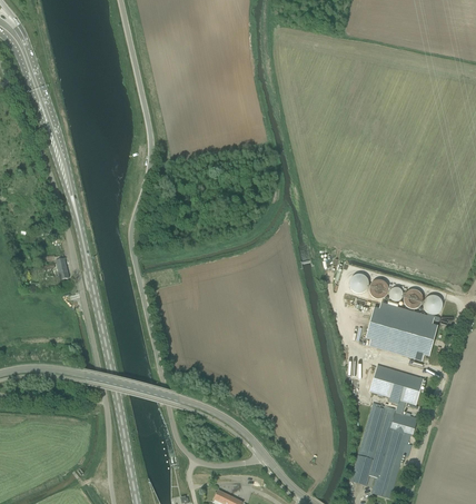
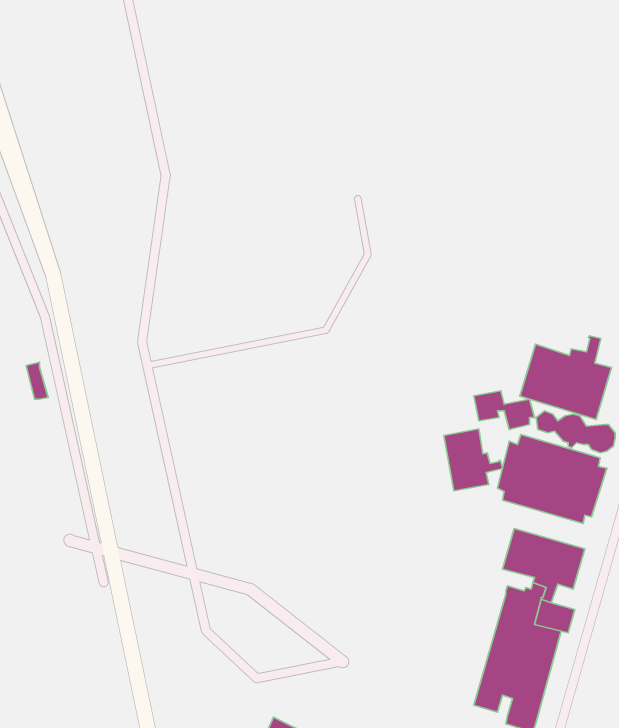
building: none -> [520,336,612,419]
building: none -> [444,429,502,491]

